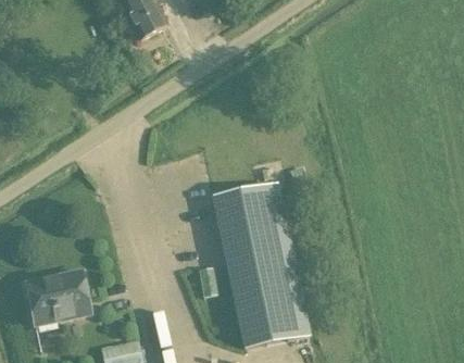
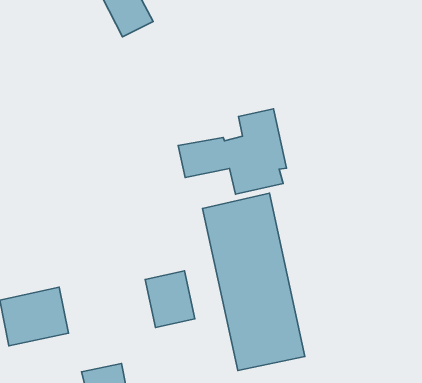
building: none -> [178,109,286,194]
building: none -> [145,271,195,328]

